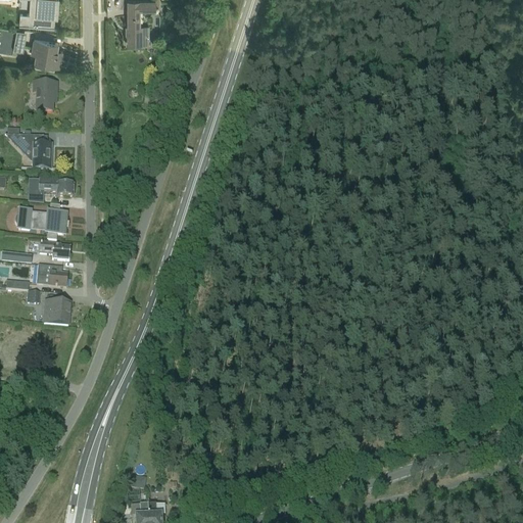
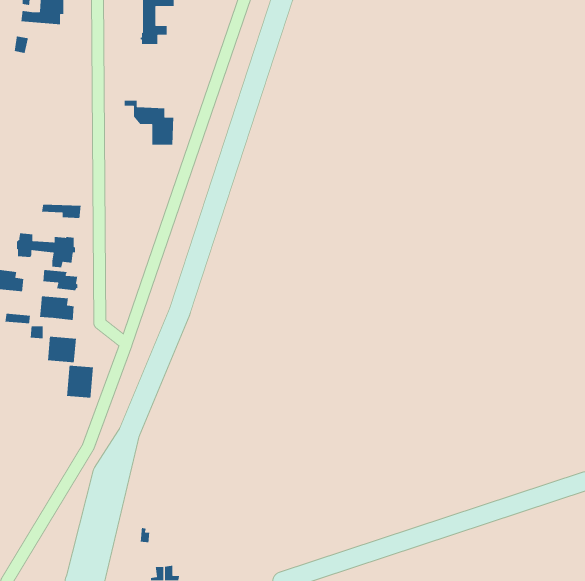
building: [31,35,60,64] -> none
building: [32,81,55,110] -> none
building: [6,127,54,168] -> [124,100,178,146]
building: none -> [66,365,94,398]

